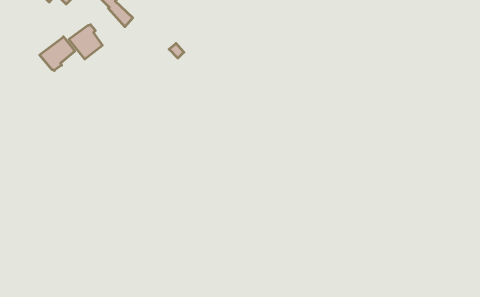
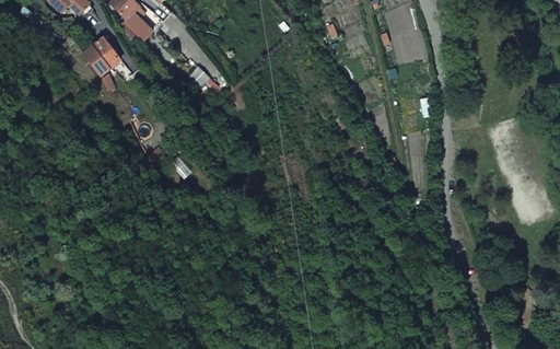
building: [40,37,75,71] -> none

